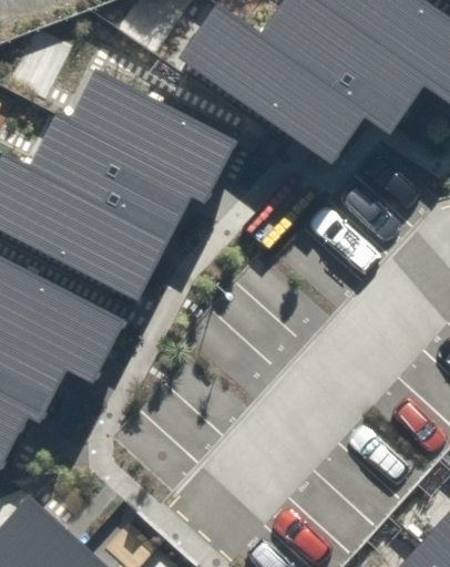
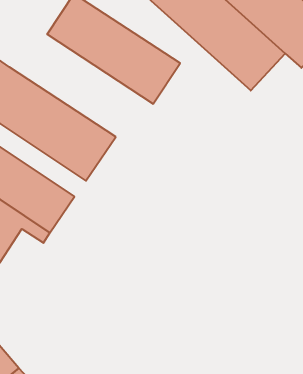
building: [27,115,211,241] -> none

